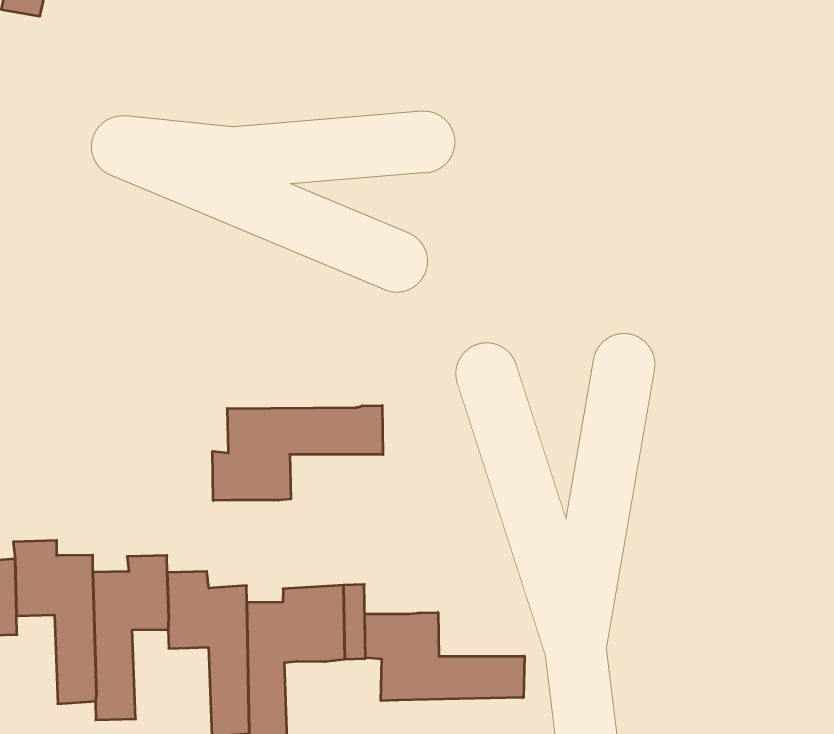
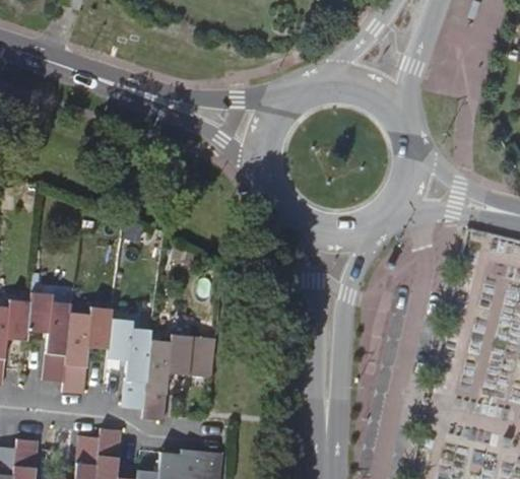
building: [213,405,383,501] -> none
building: [365,612,524,701] -> none

